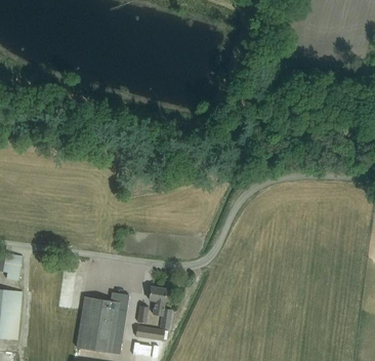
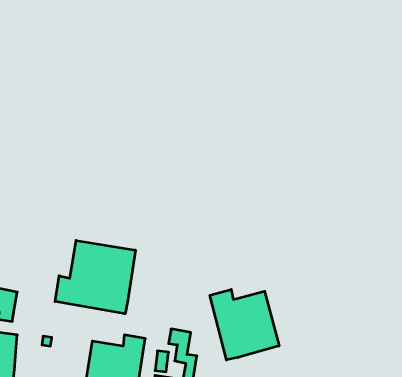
building: none -> [55,240,135,314]
building: none -> [210,289,279,360]

